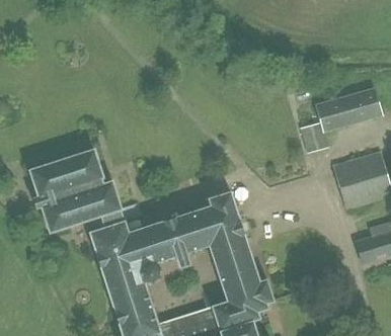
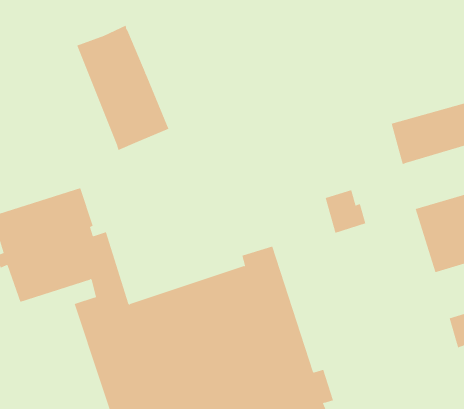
building: none -> [76,25,169,151]
building: [300,121,329,153] -> [325,189,366,233]

